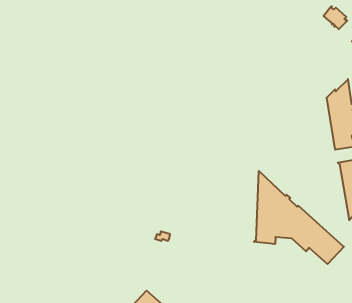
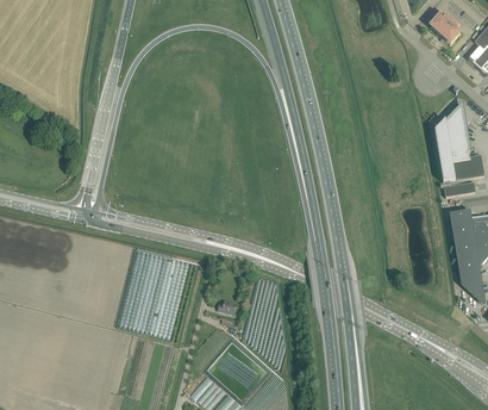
building: [254,171,344,264] -> none

